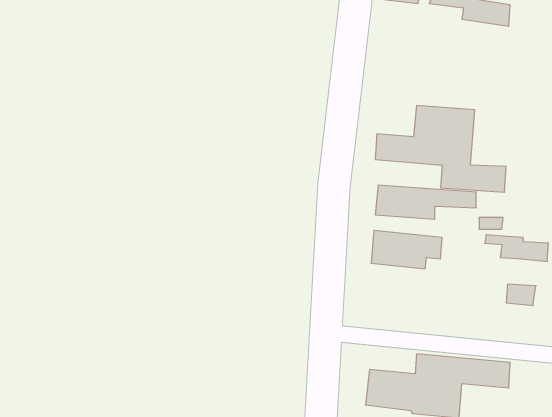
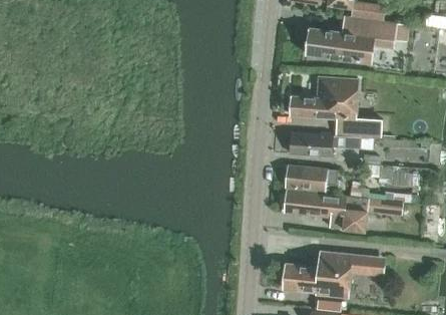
building: none -> [305,16,408,63]
building: none -> [283,190,368,231]

